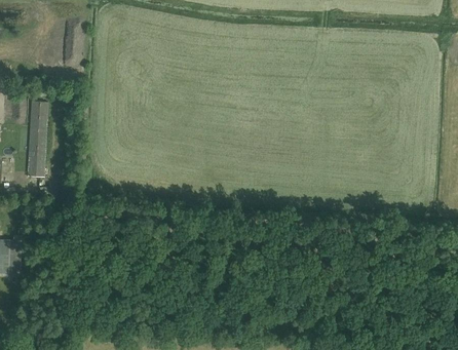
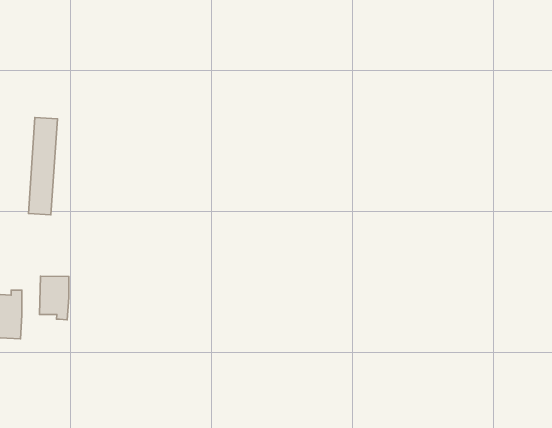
building: none -> [39,276,69,320]

